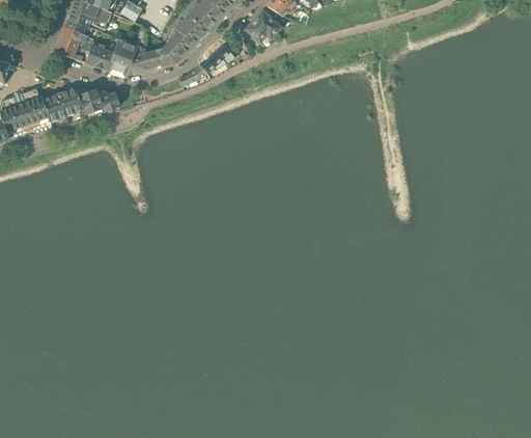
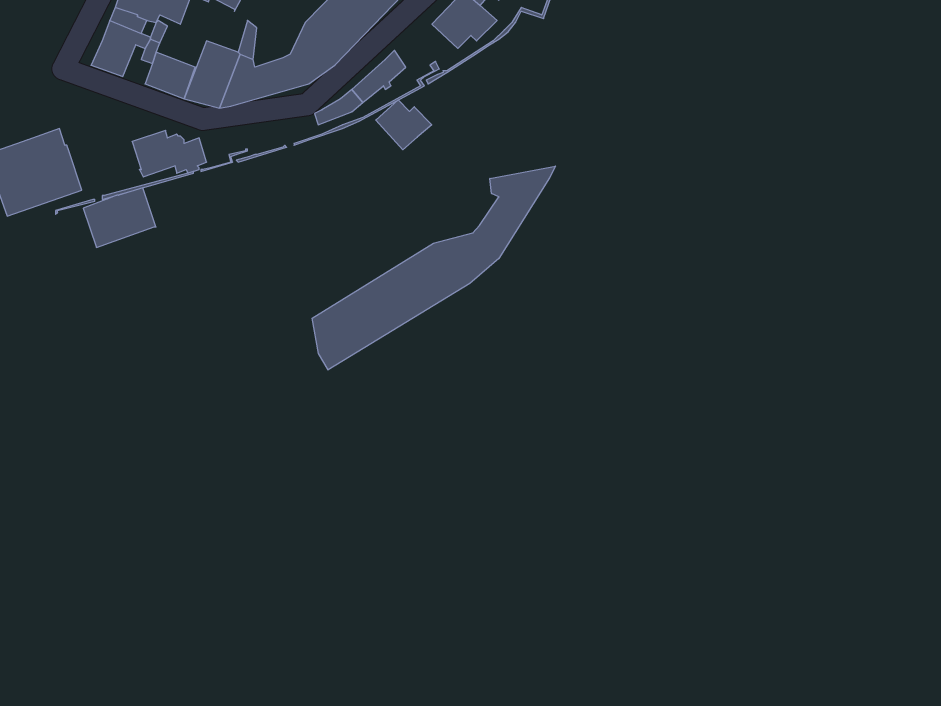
building: none -> [376,100,432,150]
building: [41,88,82,121] -> [83,188,156,247]
building: none -> [312,166,555,370]

